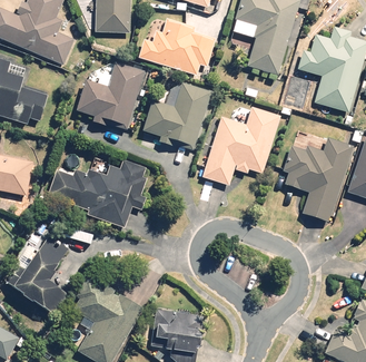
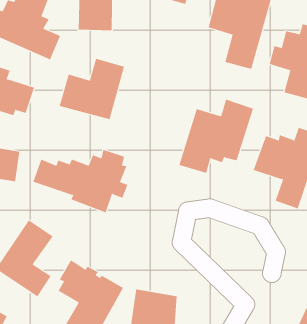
building: [138,16,214,75] -> none
building: [141,81,214,147] -> none

